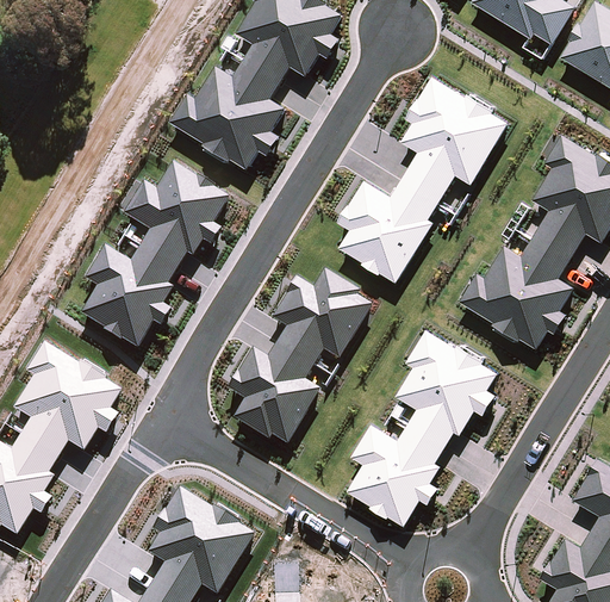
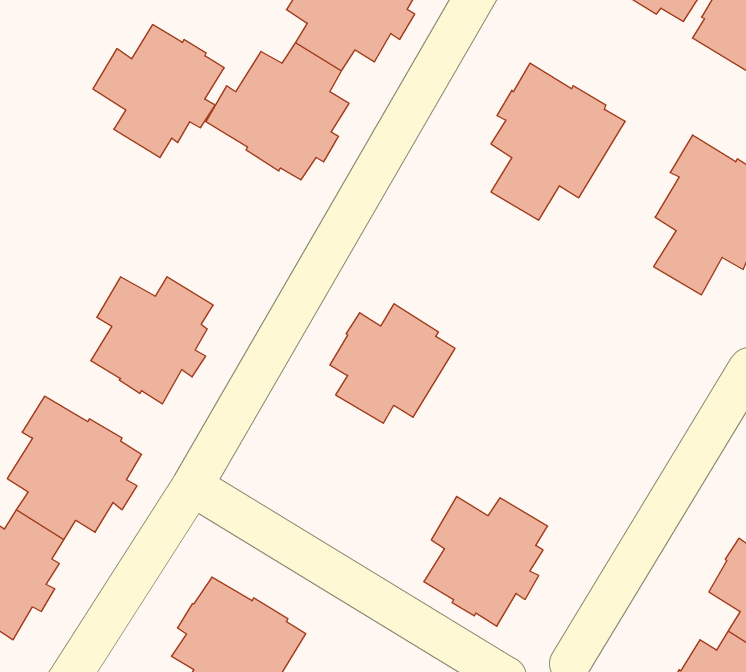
building: [124,165,229,271] -> [93,25,224,158]
building: [337,180,437,281] -> none
building: [459,240,573,348] -> none
building: [394,330,497,447] -> none
building: [225,342,318,445] -> none

